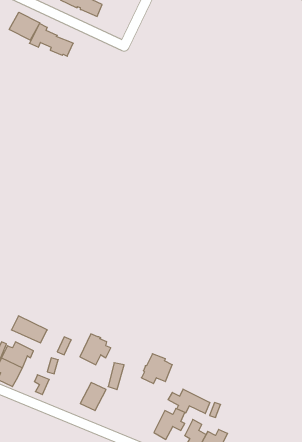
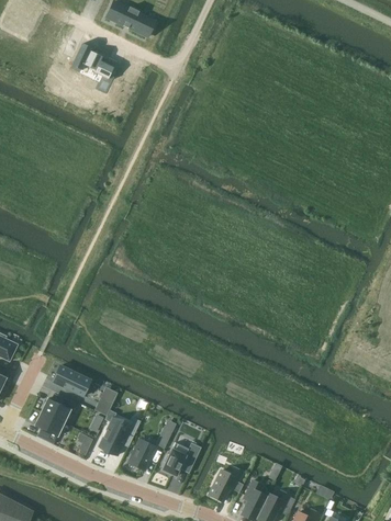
building: [9,12,40,40] -> none
building: [80,334,111,365] -> [99,421,133,455]
building: [141,354,172,384] -> [163,443,197,476]
building: [168,389,210,414] -> none

